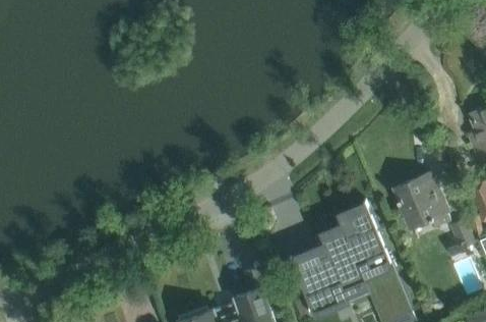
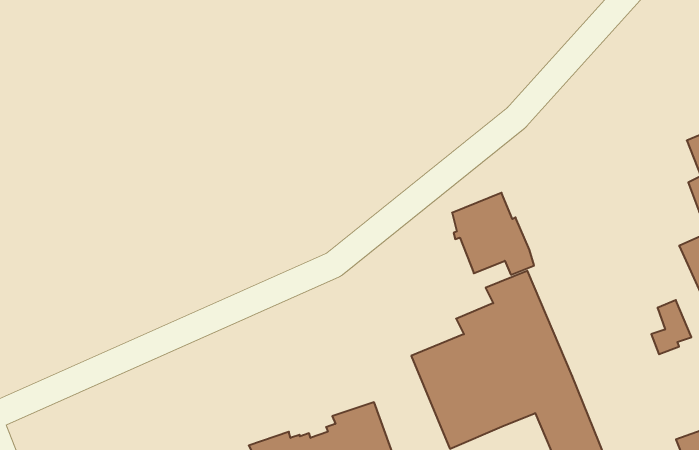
building: [396,174,449,228] -> [452,193,534,275]

